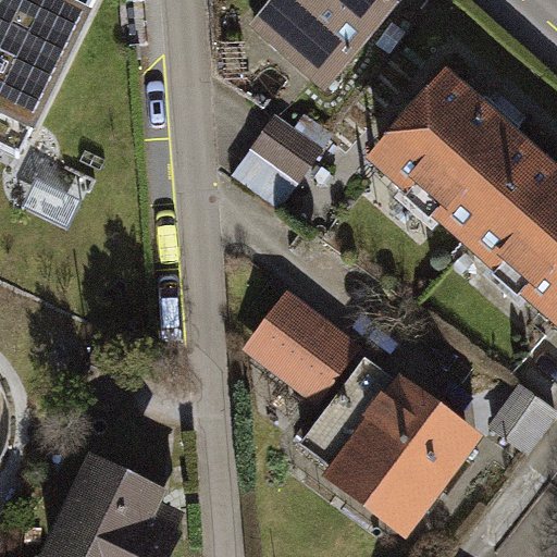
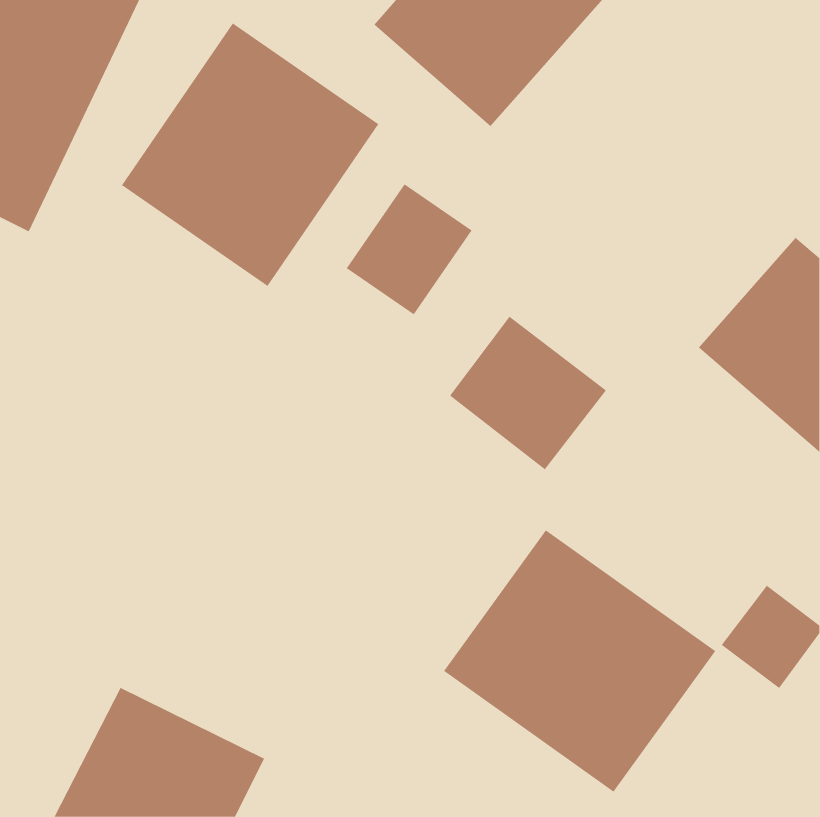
building: none -> [121,23,379,287]
building: [376,79,533,233] -> none
building: [246,292,351,395] -> [449,316,607,470]

